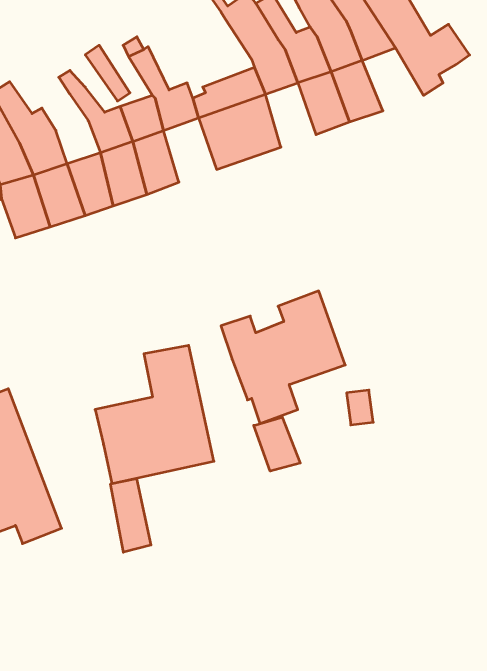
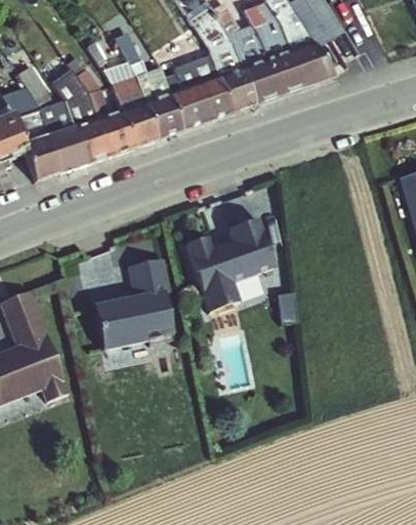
building: none -> [289,38,334,84]
building: none -> [218,64,255,111]
building: none -> [54,72,97,123]
building: none -> [143,89,182,136]
building: [254,417,300,471] -> none
building: [111,478,151,552] -> none

